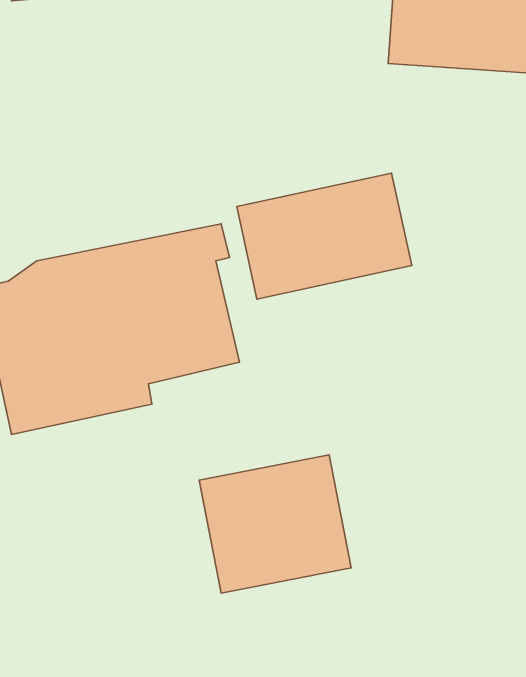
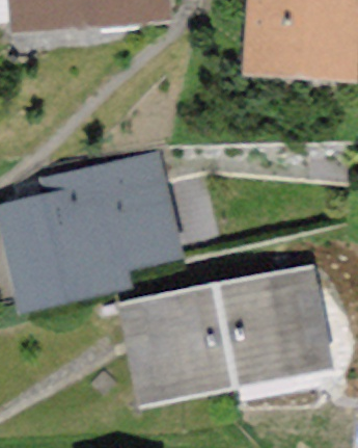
building: [237,173,412,299] -> none
building: none -> [225,288,319,373]

